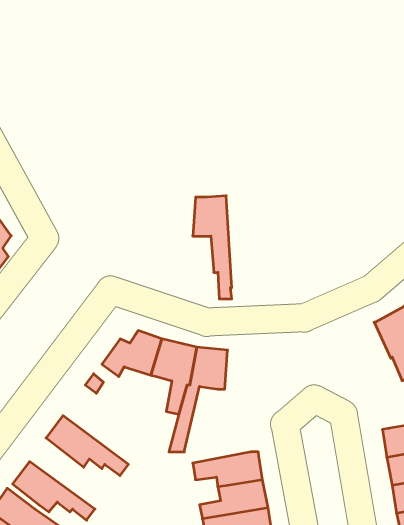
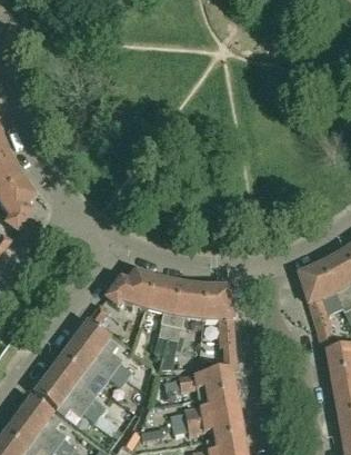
building: [193,196,232,299] -> [203,285,234,367]
building: none -> [300,264,335,350]
building: none -> [74,320,132,377]
building: none -> [48,356,106,413]

